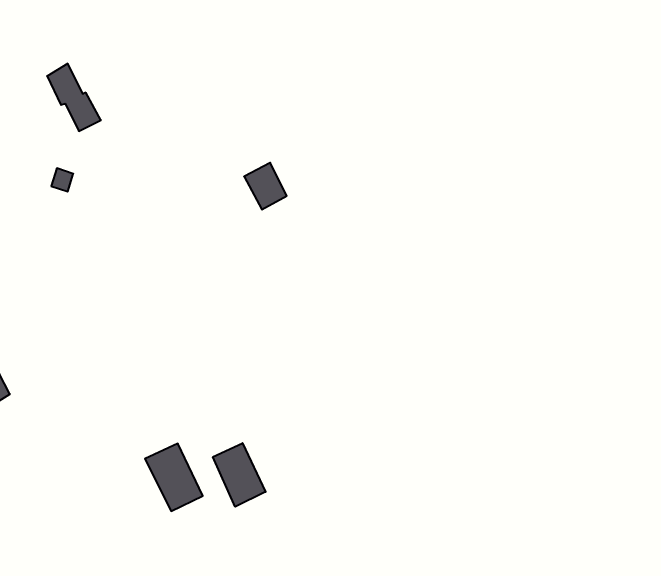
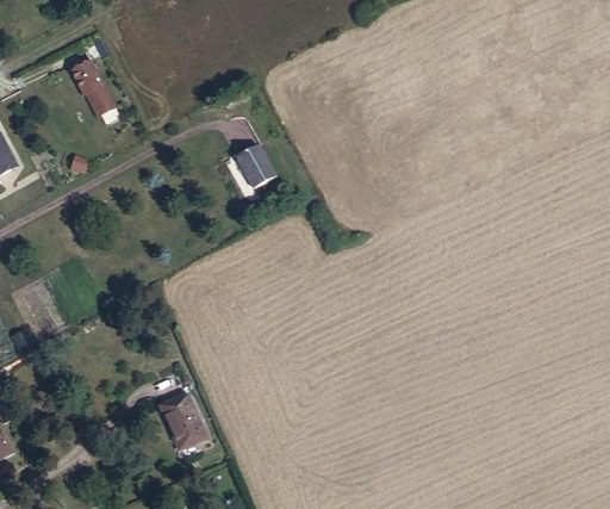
building: [213,443,266,507] -> none

